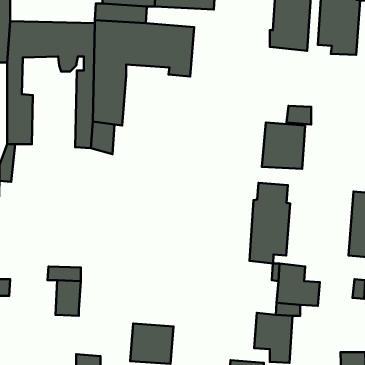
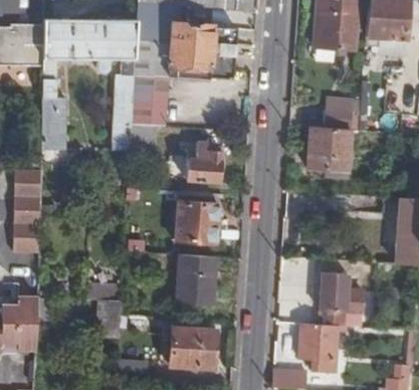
building: none -> [187,144,221,183]
building: [249,183,290,263] -> none
building: none -> [174,203,218,245]
building: none -> [177,256,214,305]

